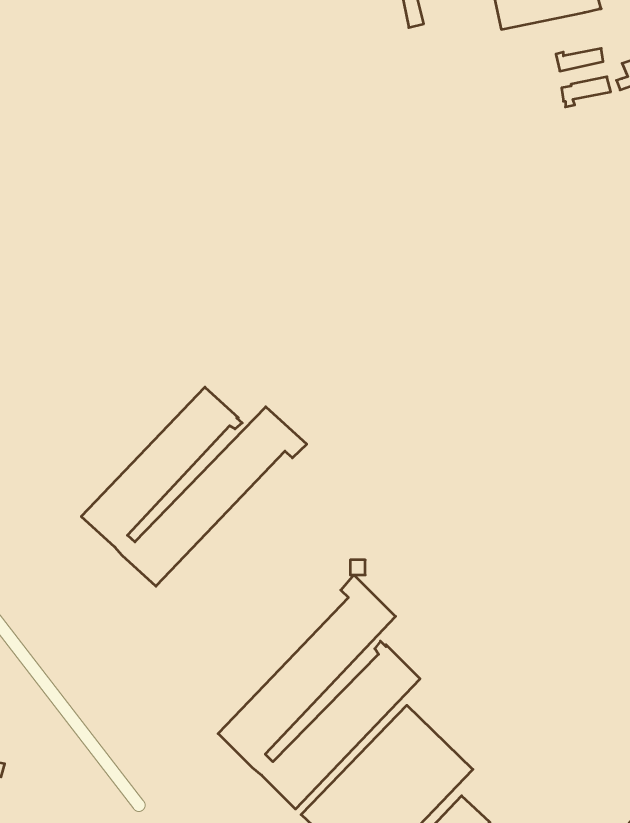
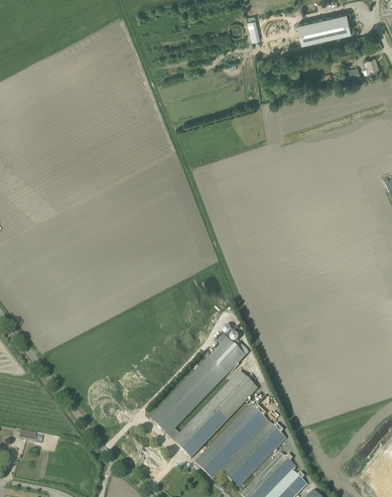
building: [81,387,307,586] -> none

